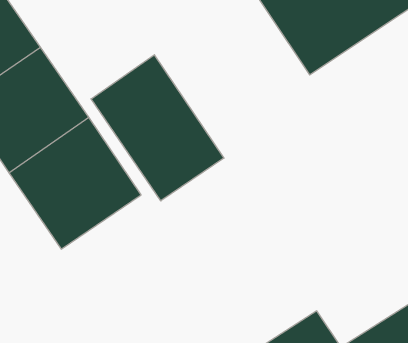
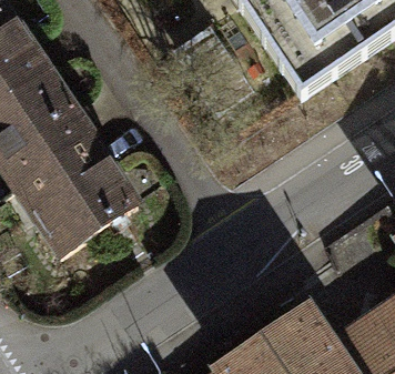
building: [91,55,224,201] -> none

